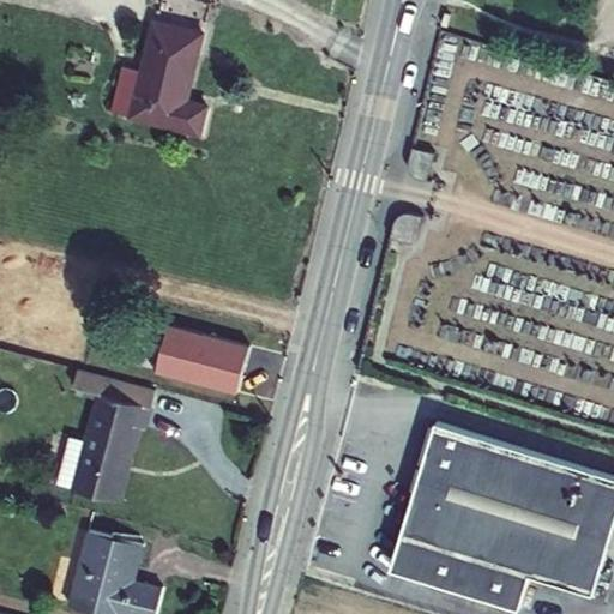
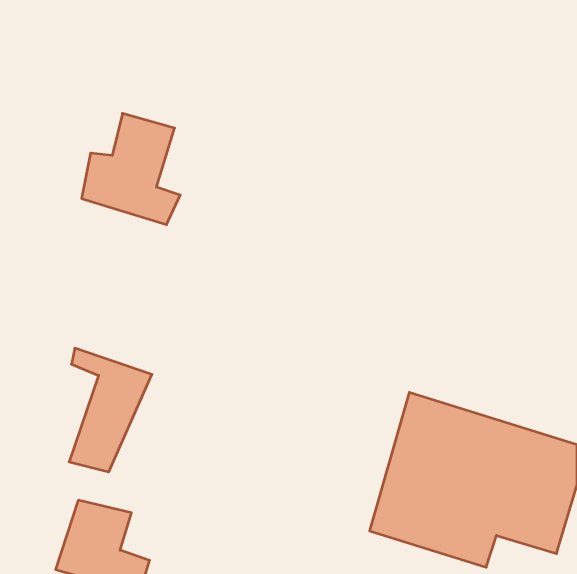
building: [108,18,212,136] -> [82,113,180,225]
building: [156,333,246,401] -> none

